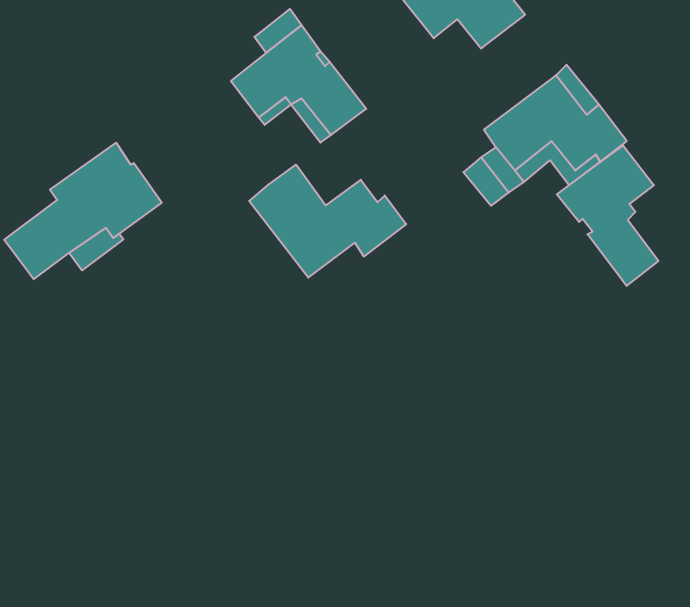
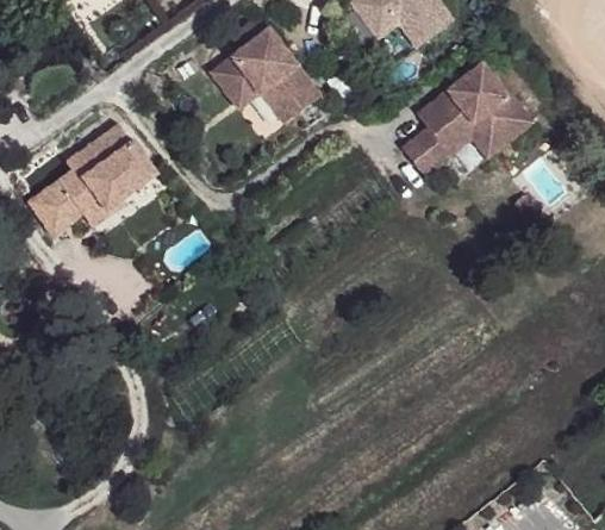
building: [557,145,658,286] -> none
building: [249,165,406,278] -> none

